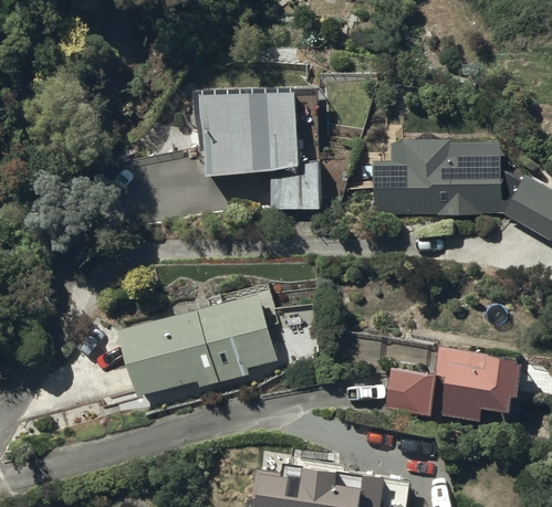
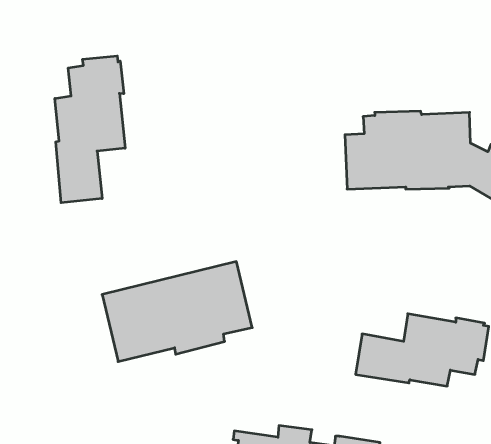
building: none -> [55,56,125,203]
building: [202,84,317,210] -> none

